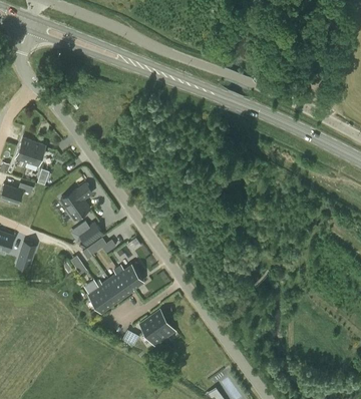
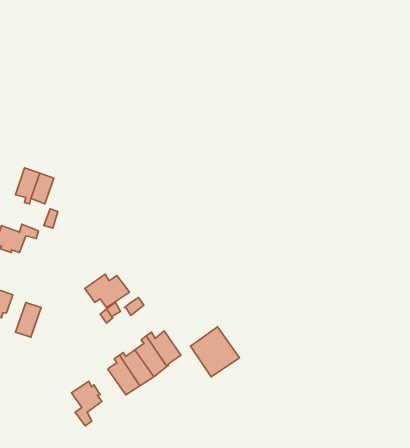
building: [60,188,90,220] -> none
building: none -> [72,381,102,426]
building: [139,309,177,348] -> [191,327,239,377]

